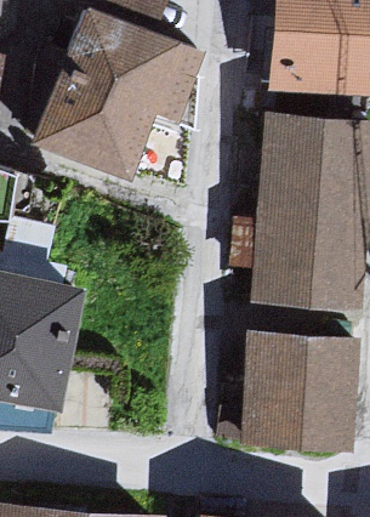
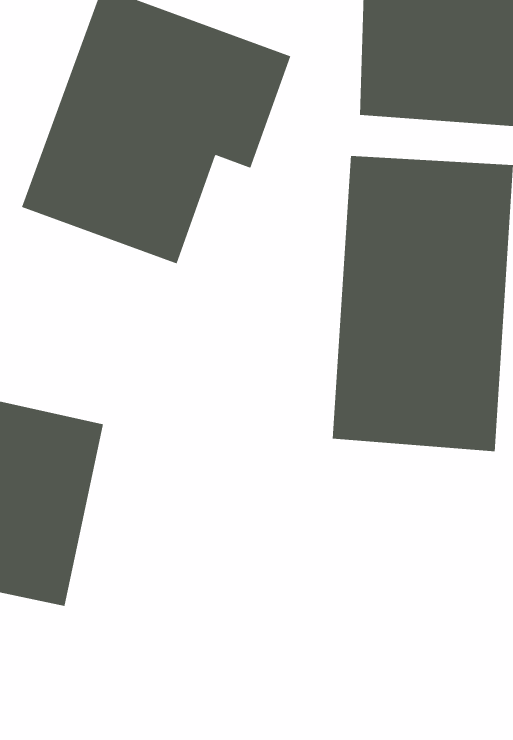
building: [234,335,342,450] -> none

